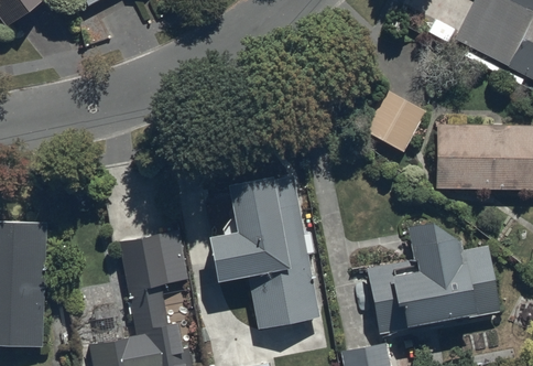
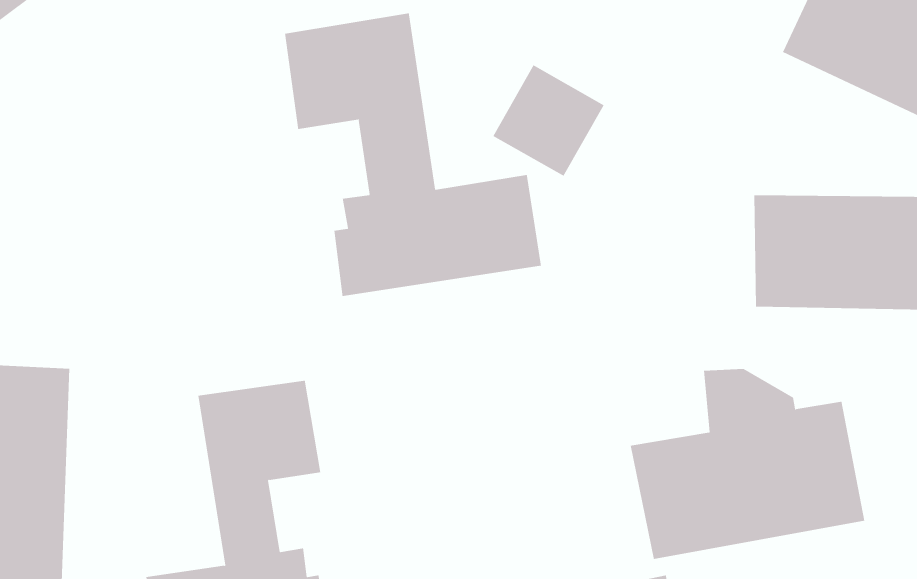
building: none -> [284,12,541,297]
building: [361,89,425,153] -> [493,65,604,177]
building: [210,177,319,329] -> none

